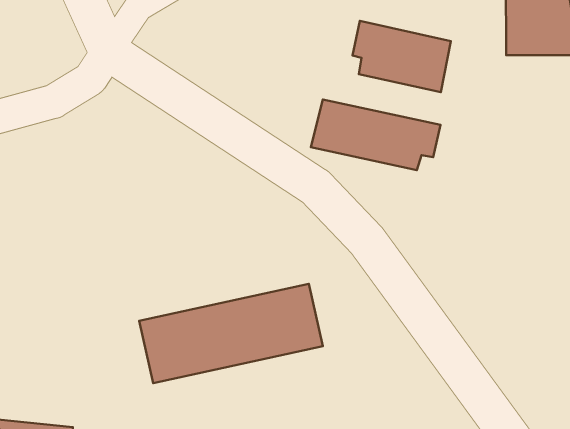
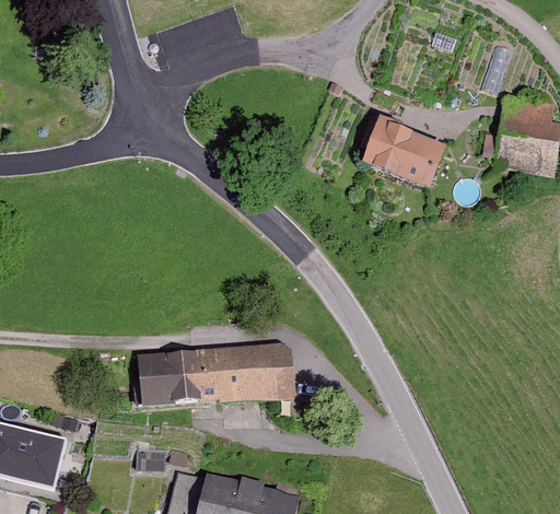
building: [311,100,441,170] -> none

